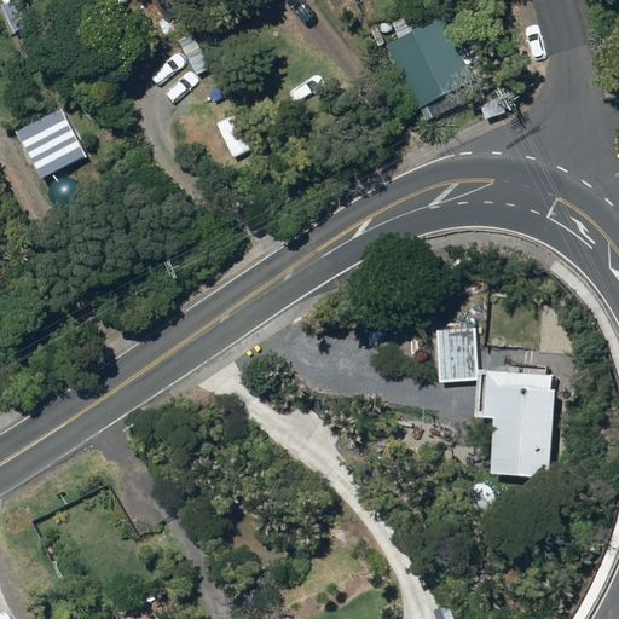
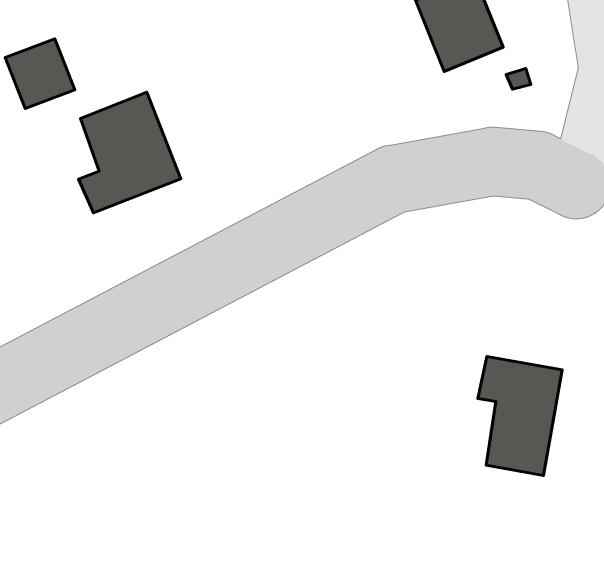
building: none -> [78,92,181,213]
building: [436,324,476,382] -> none

